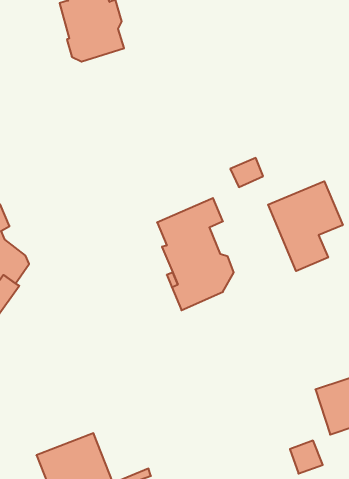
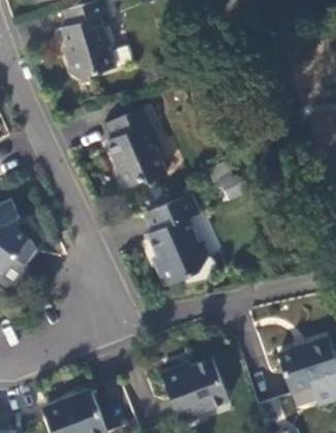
building: none -> [105,105,166,187]
building: [268,181,343,271] -> none
building: none -> [161,357,229,414]

